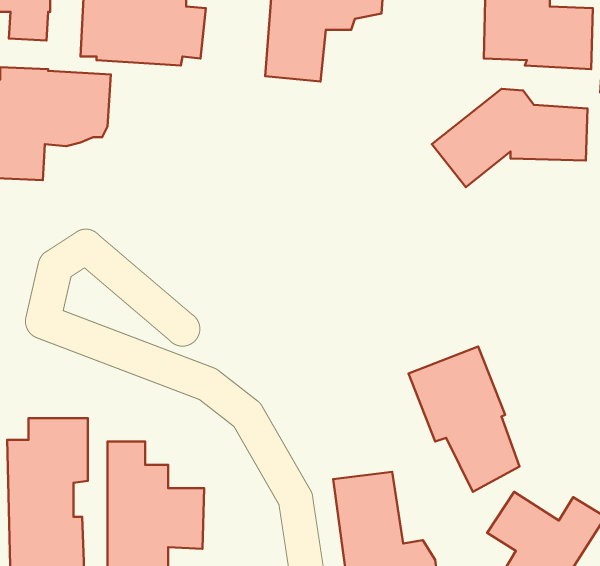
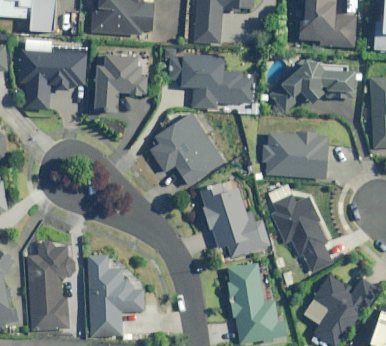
building: none -> [102,51,157,108]
building: none -> [166,59,246,112]
building: none -> [143,116,215,192]
building: none -> [252,135,321,181]
building: none -> [192,185,259,262]

